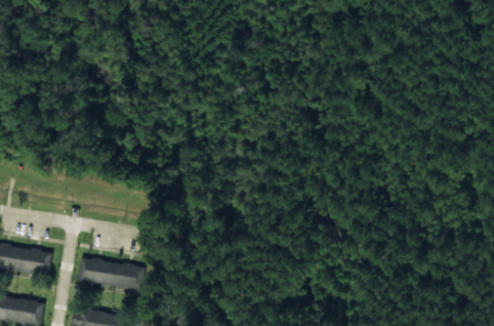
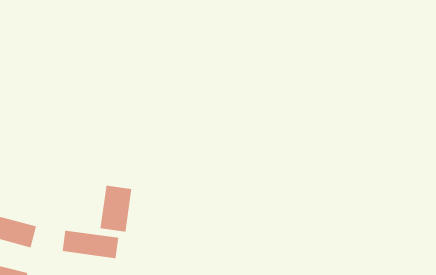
building: none -> [100,185,132,232]

